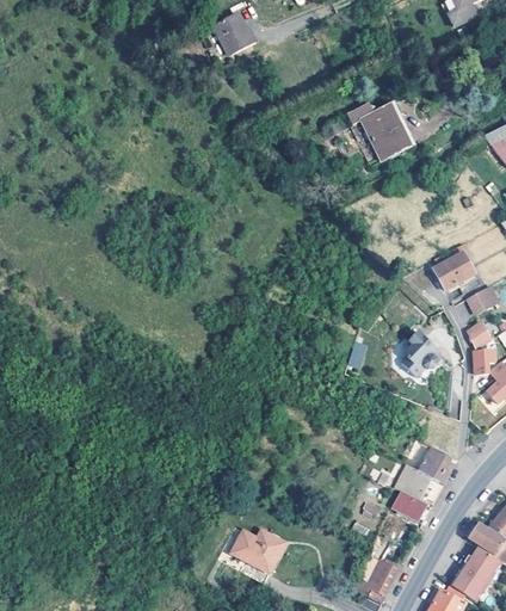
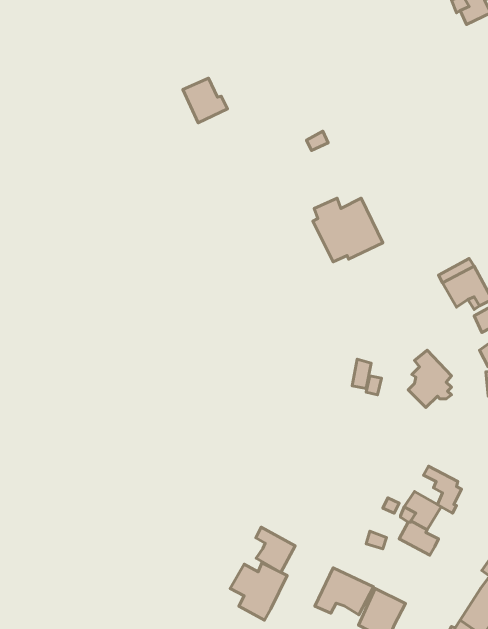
building: [215,14,257,56] -> [183,78,228,123]
building: [348,103,414,162] -> [313,198,383,262]
building: none -> [256,527,295,572]
building: none -> [315,568,374,615]

